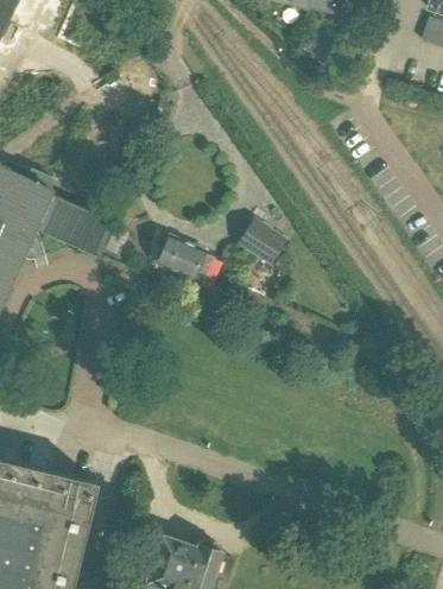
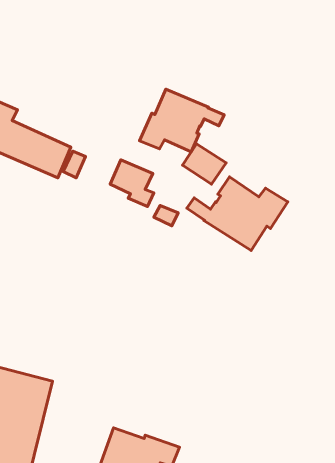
building: none -> [140,89,224,152]
building: none -> [187,177,288,251]

